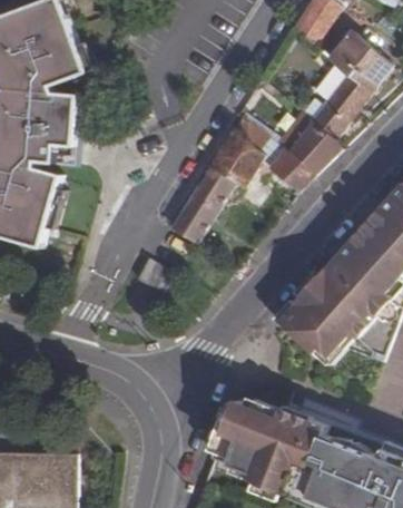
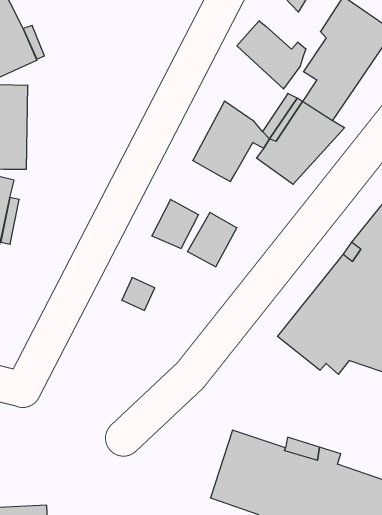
building: none -> [237,21,306,89]
building: [191,166,235,213] -> [187,212,237,267]

